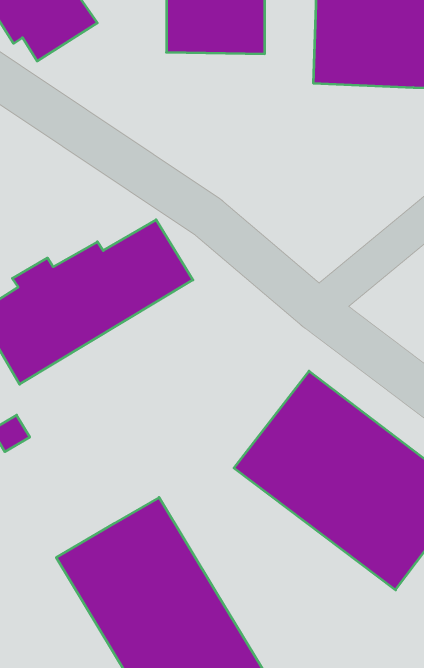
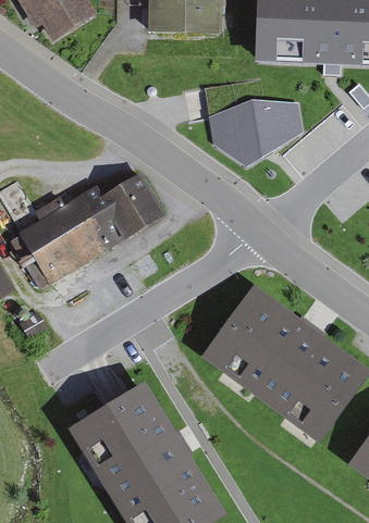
building: none -> [205,83,305,171]

